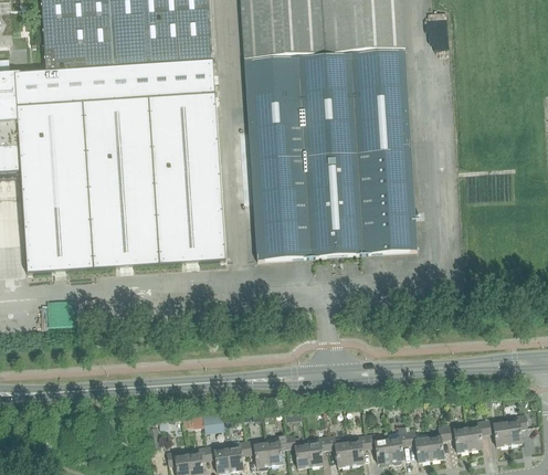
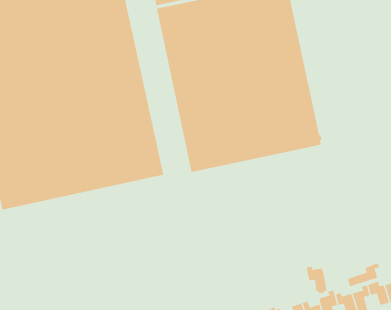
building: none -> [306,266,327,294]
building: none -> [347,262,380,287]

